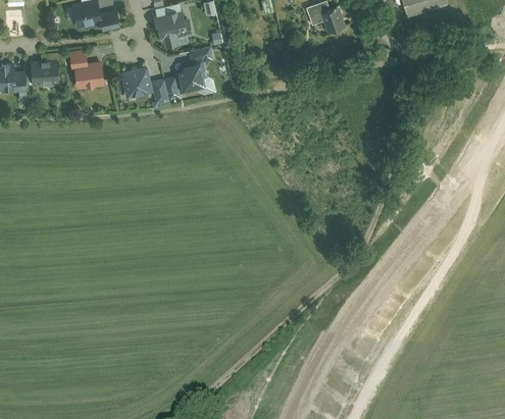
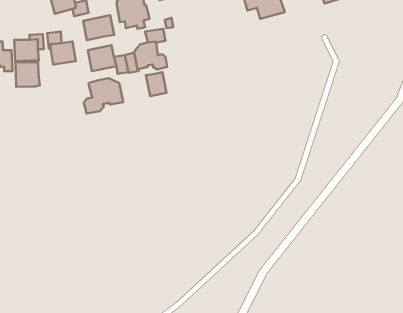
building: none -> [83,15,114,40]
building: none -> [15,62,40,87]
building: none -> [146,72,166,96]
building: none -> [84,78,123,113]

